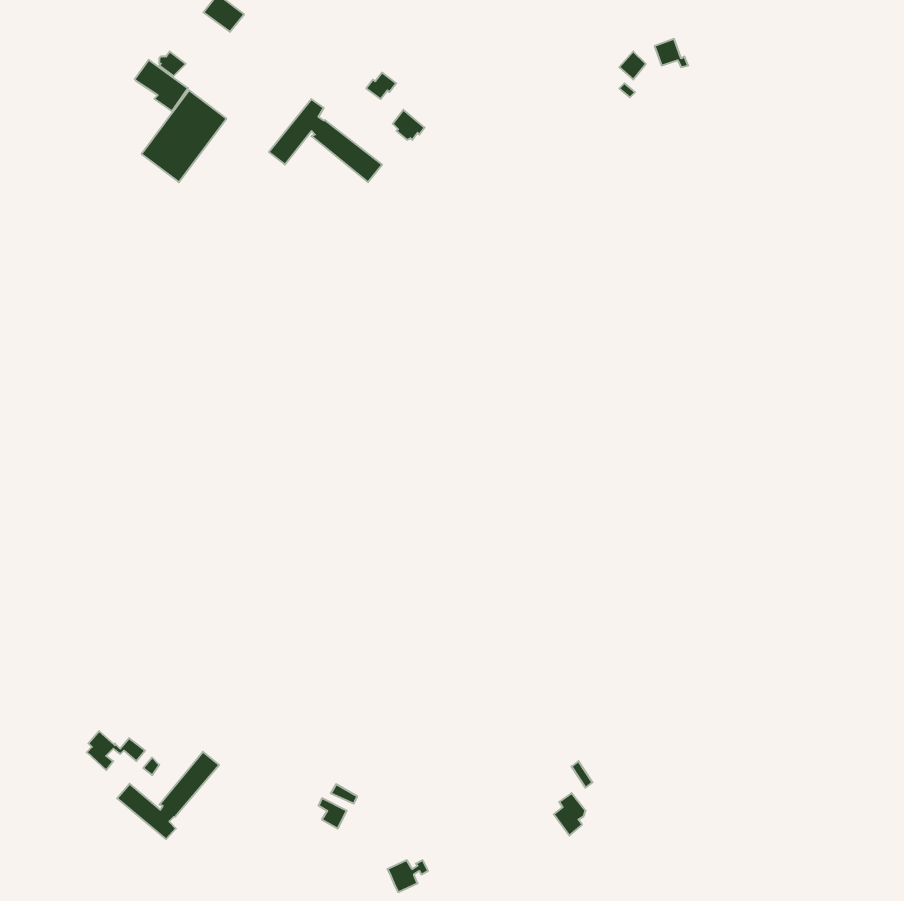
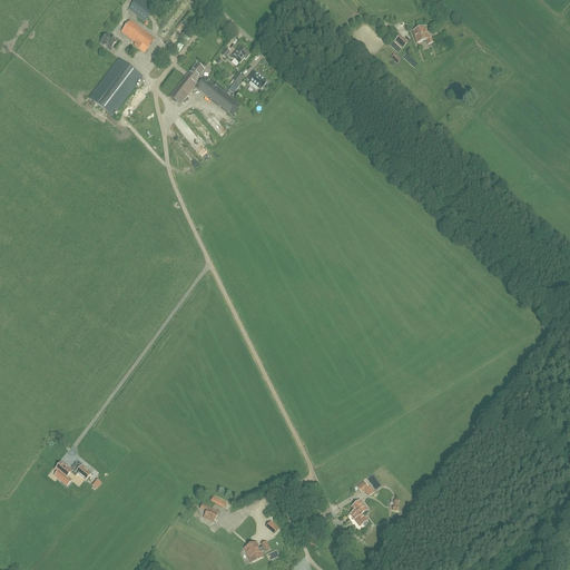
building: [135,60,188,111] -> [121,19,155,51]
building: [117,752,219,839] -> none

